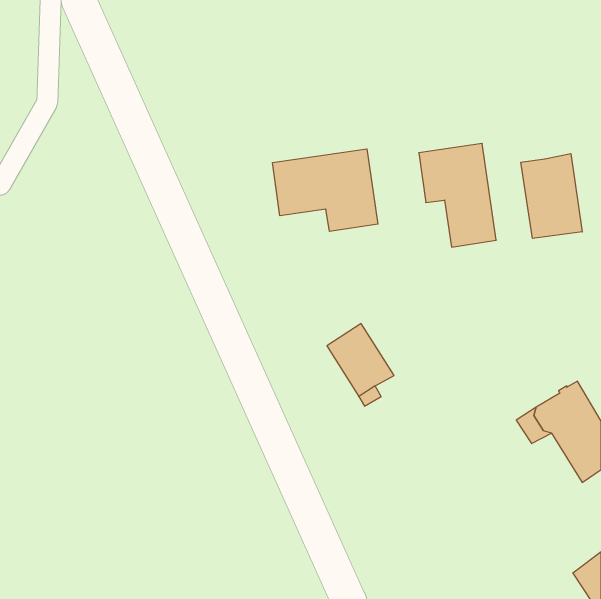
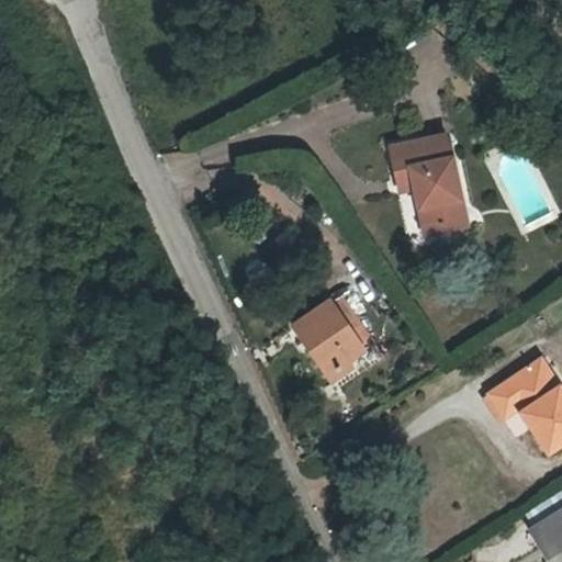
building: [273,149,378,231] -> none
building: [521,154,582,238] -> none

